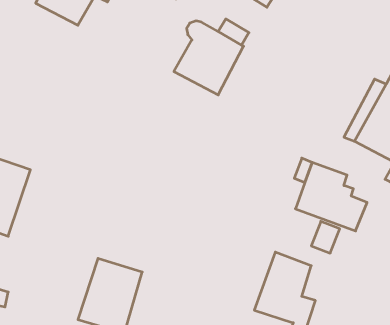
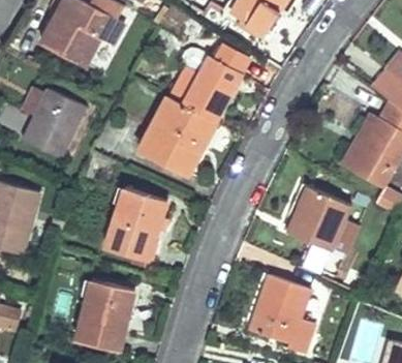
building: none -> [10,86,73,160]
building: none -> [144,97,216,178]
building: none -> [106,193,168,266]

